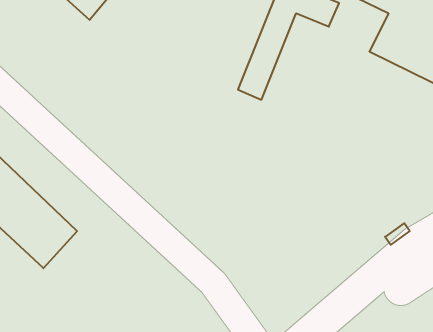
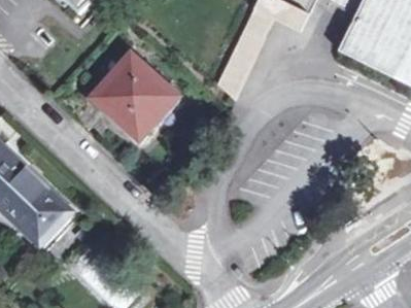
building: none -> [94,56,178,140]

